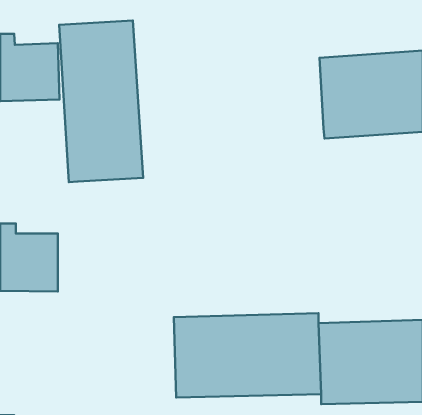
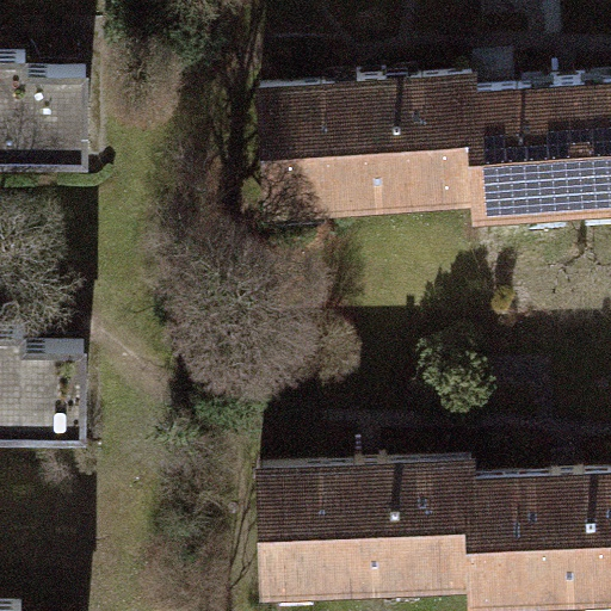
building: [59,20,143,182] -> none
building: none -> [249,82,468,210]

